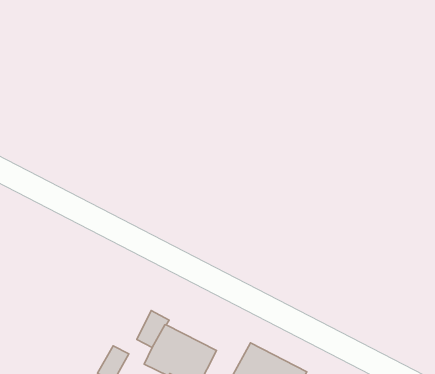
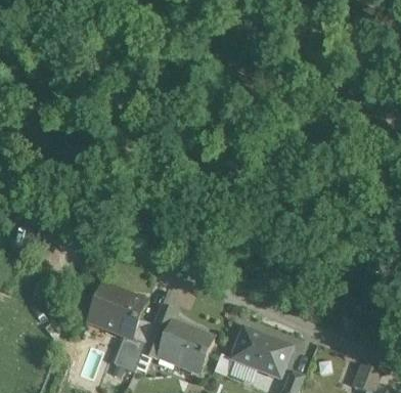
building: none -> [88,287,147,339]

